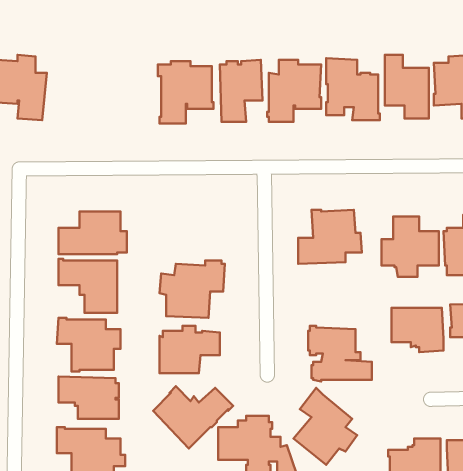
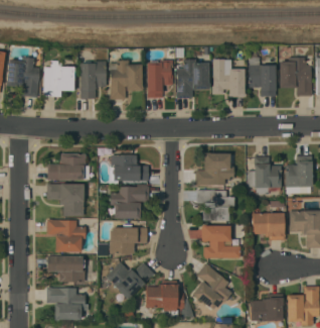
building: none -> [44,61,74,96]
building: none -> [79,61,106,99]
building: none -> [109,154,149,184]
building: none -> [196,190,234,221]

